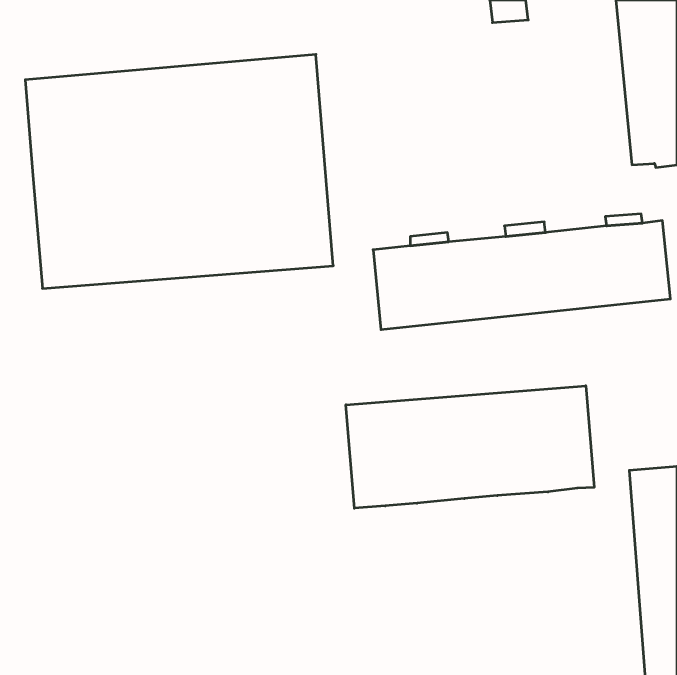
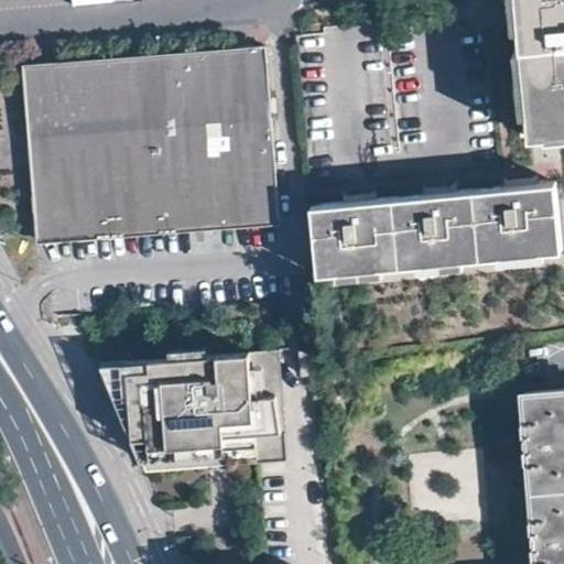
building: [346,386,594,508] -> none
building: none -> [101,351,288,474]

